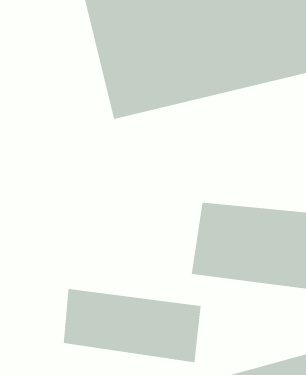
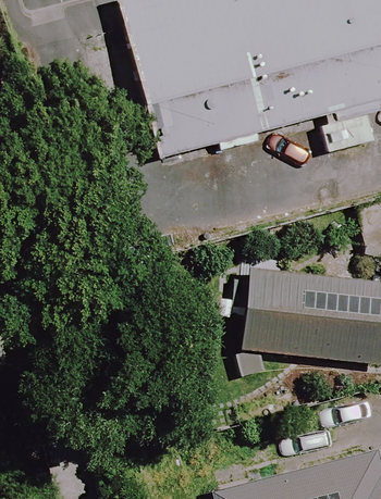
building: [63,288,201,363] -> none

